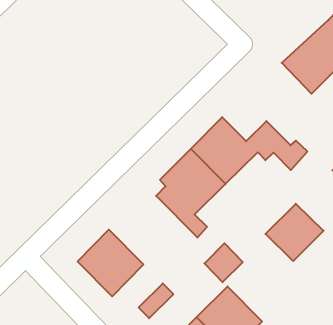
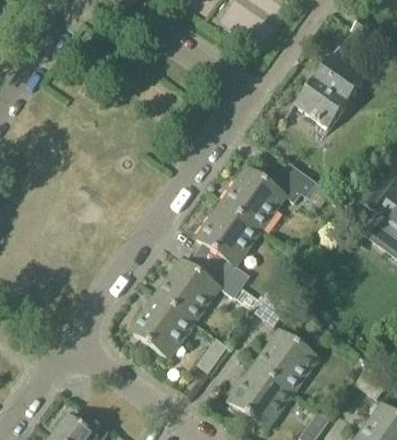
building: none -> [154,254,241,322]
building: [265,204,324,261] -> none

